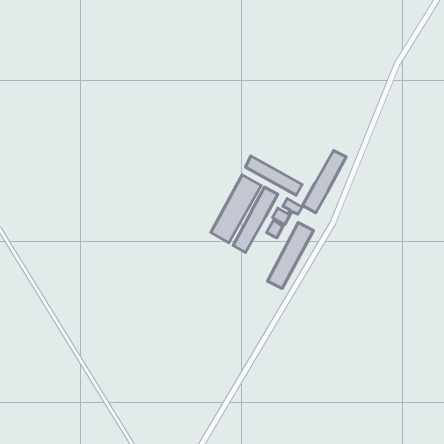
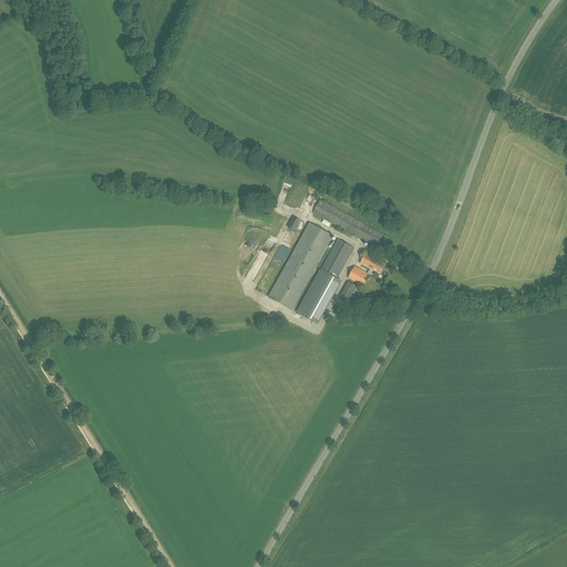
building: [303,150,346,213] -> none
building: [268,222,313,288] -> none

